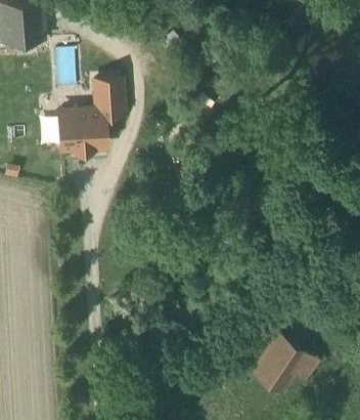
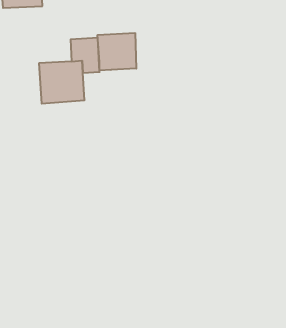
building: none -> [98,33,136,70]
building: [250,336,319,396] -> none

